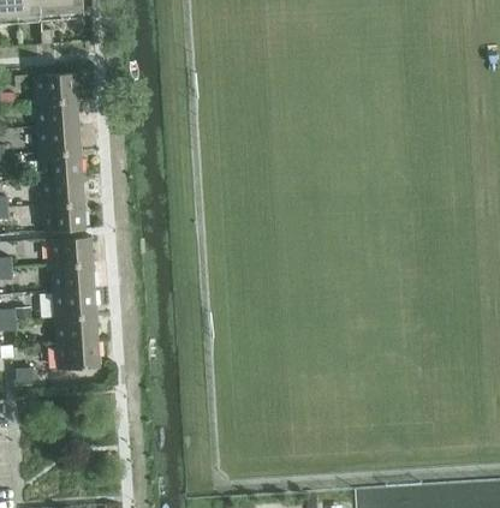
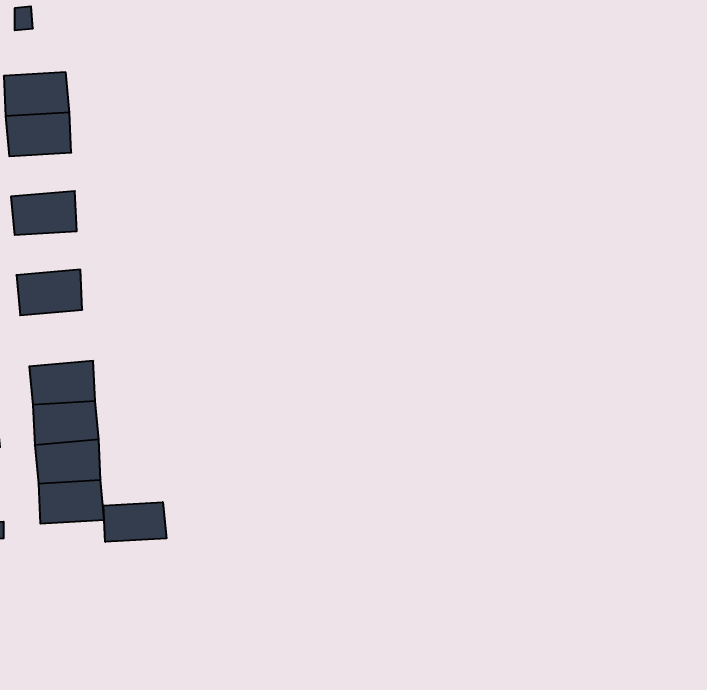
building: [38,125,82,154] -> none
building: [42,177,85,205] -> none
building: [50,235,94,265] -> none
building: none -> [103,502,166,542]

